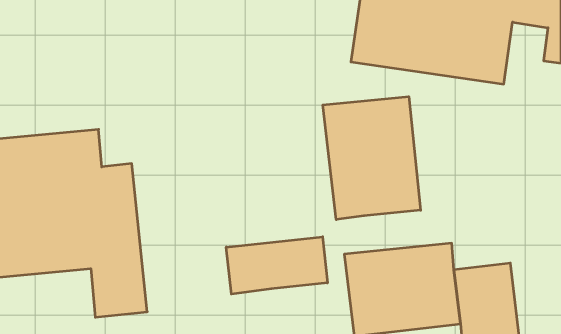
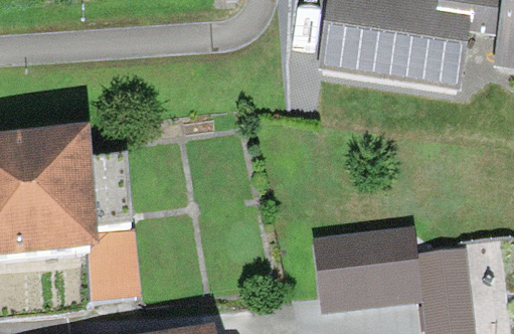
building: [323,97,421,220] -> none
building: [226,237,327,294] -> none

